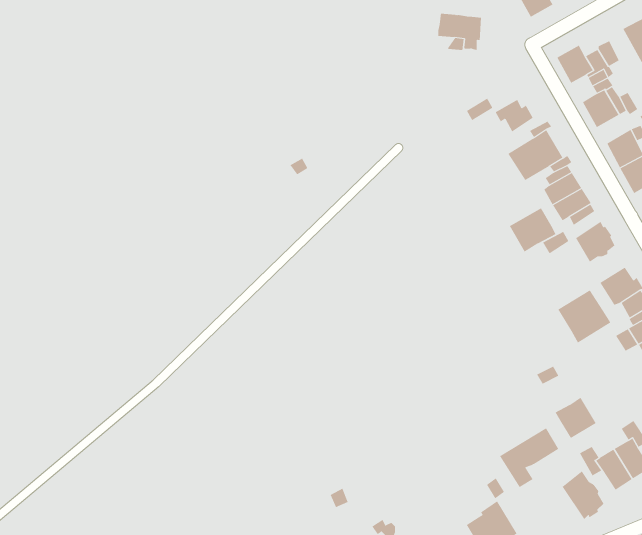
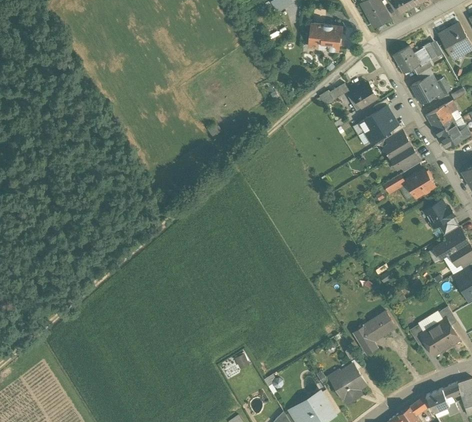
building: [509,207,556,253] -> none
building: [557,290,611,343] -> none
building: [555,397,597,439] -> none
building: [562,470,604,520] -> none

